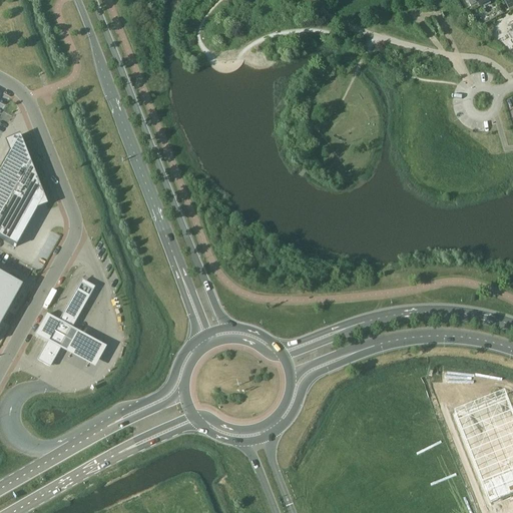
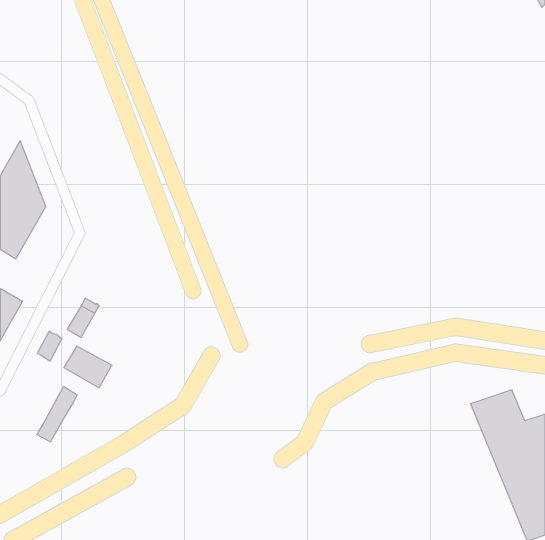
building: [38,310,76,362] -> [37,387,77,442]

